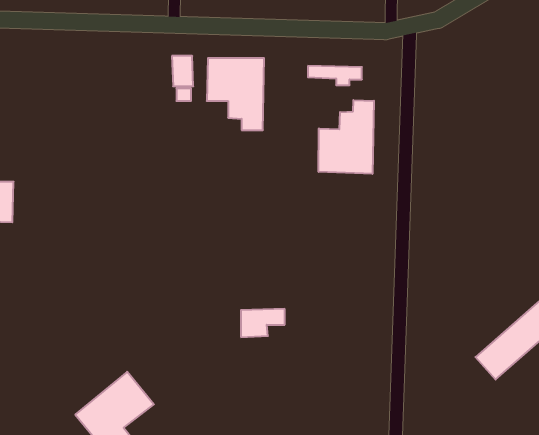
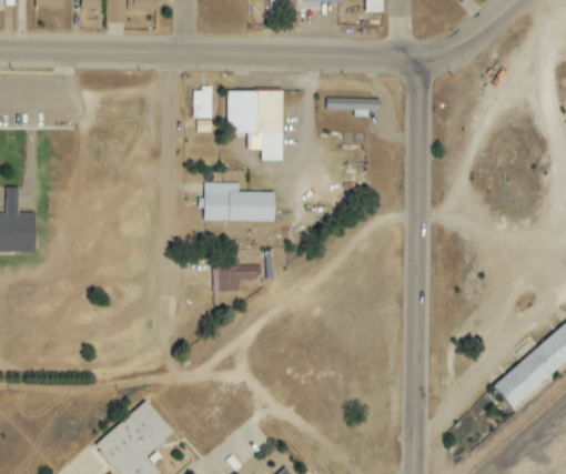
building: [319,100,374,174] -> none
building: none -> [203,182,274,221]
building: [241,309,285,337] -> [213,264,256,292]

